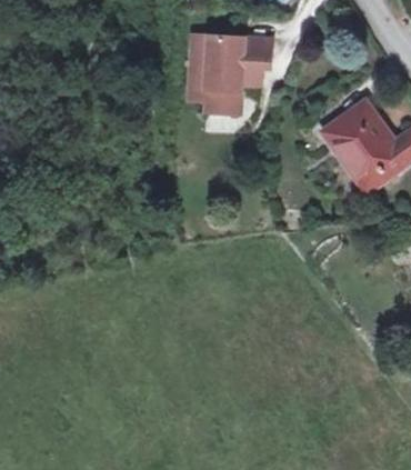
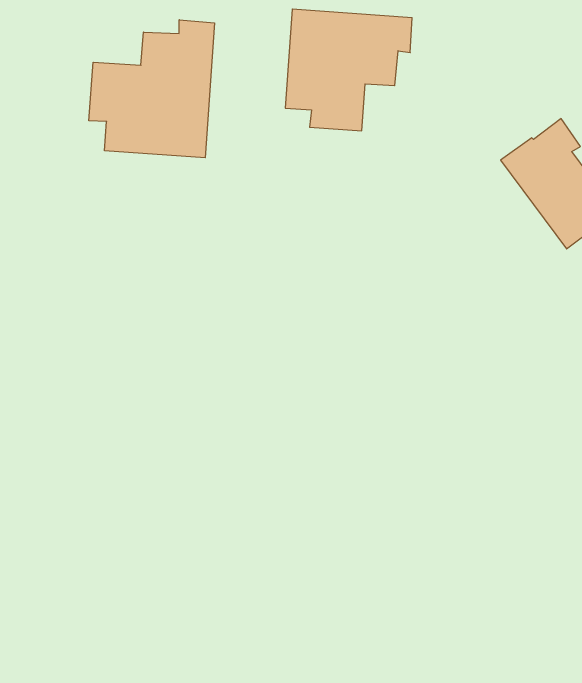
building: none -> [89,20,214,158]

